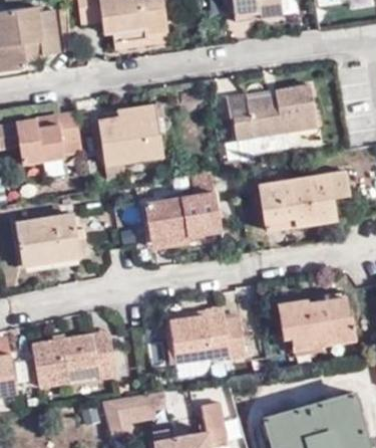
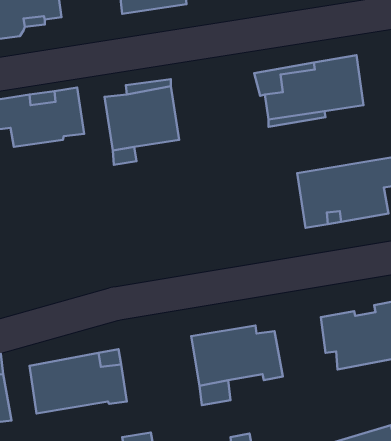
building: [146,173,221,248] -> none
building: [17,214,85,265] -> none

